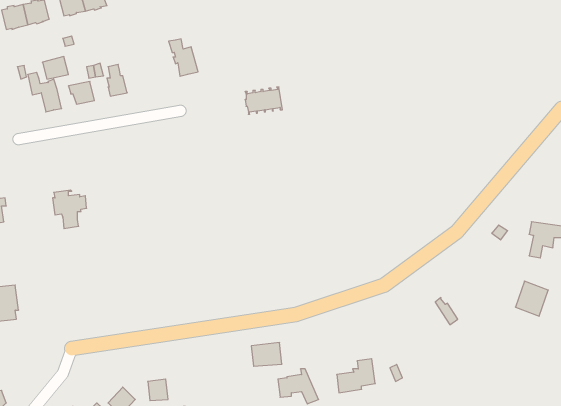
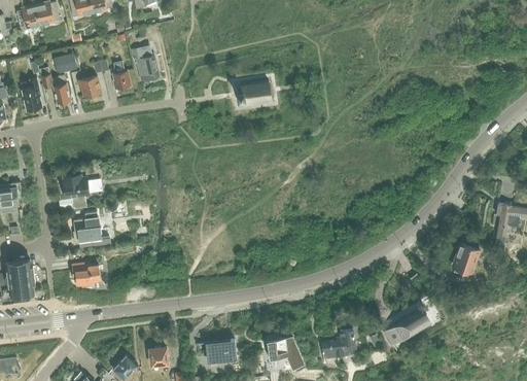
building: [169,39,198,76] -> [131,47,157,81]
building: none -> [22,78,42,110]
building: none -> [73,211,111,248]
building: [515,281,548,316] -> [451,242,481,274]
building: none -> [71,263,106,288]
building: none -> [385,310,429,344]
building: [251,343,282,366] -> [209,340,237,361]

